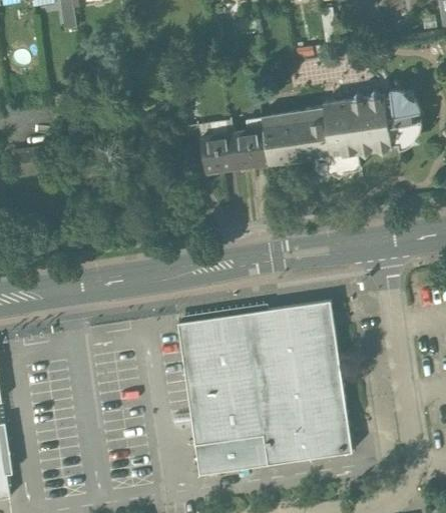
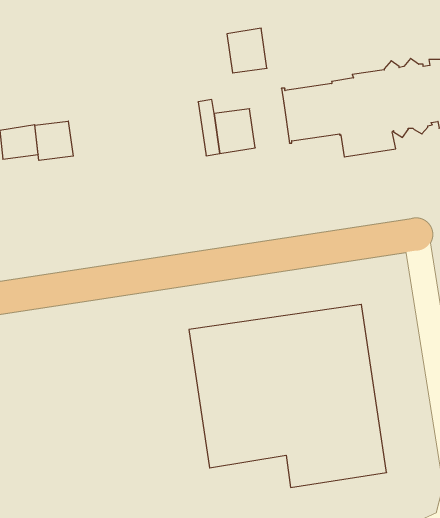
building: [233,127,268,166] -> [227,28,267,73]
building: none -> [35,121,73,160]
building: [197,436,269,473] -> none

